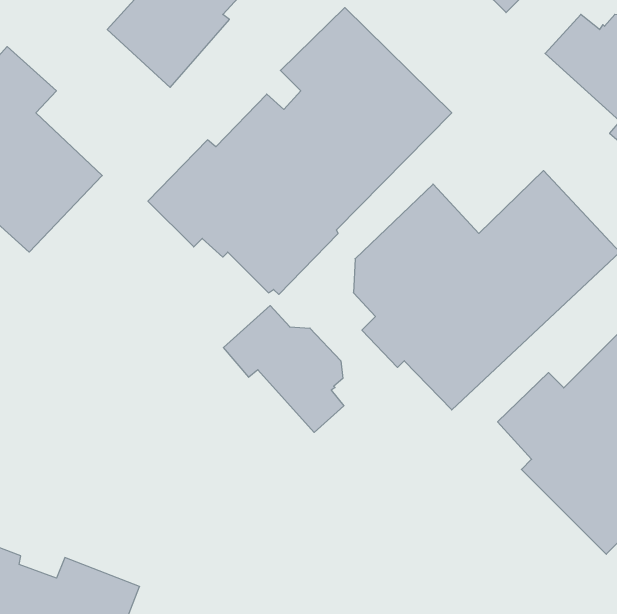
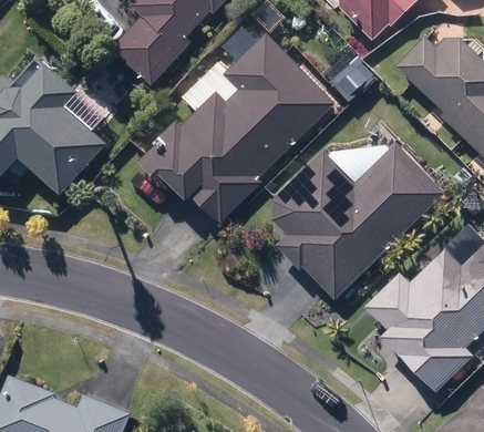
building: [223,306,344,432] -> none

